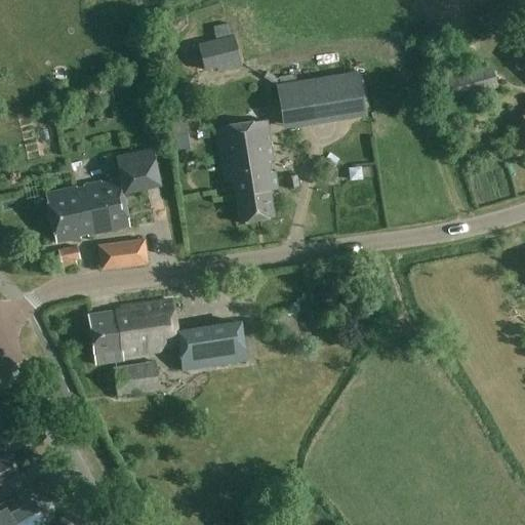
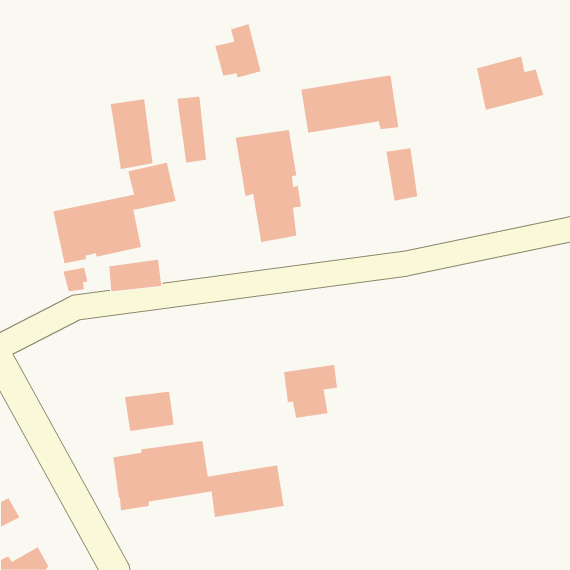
building: none -> [110,99,153,170]
building: none -> [386,148,418,201]
building: [89,299,247,370] -> [112,440,285,517]
building: none -> [283,364,337,418]

